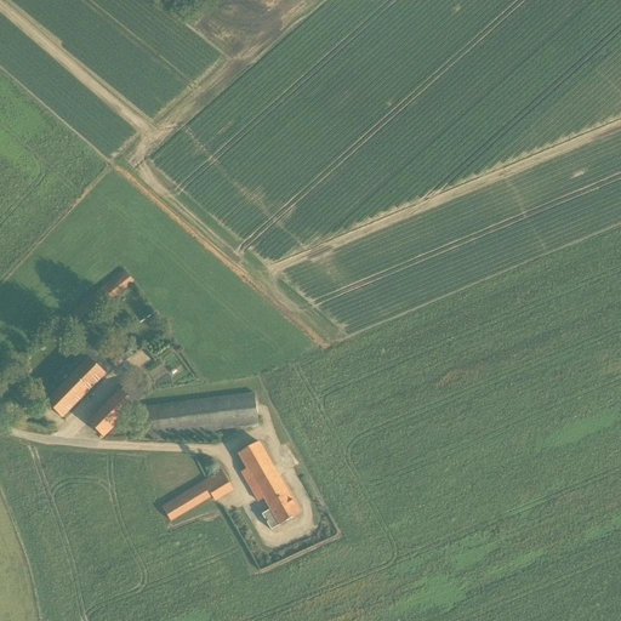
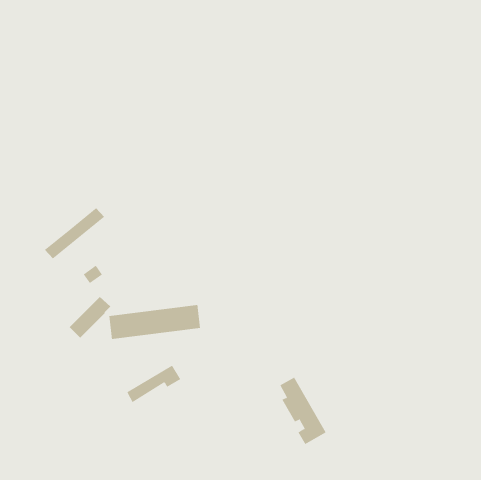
building: [47,355,107,416] -> none
building: [240,440,301,528] -> [279,377,327,445]

